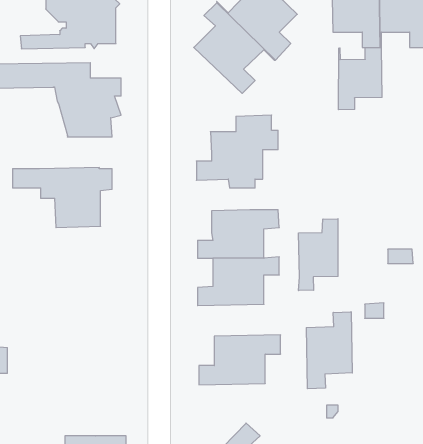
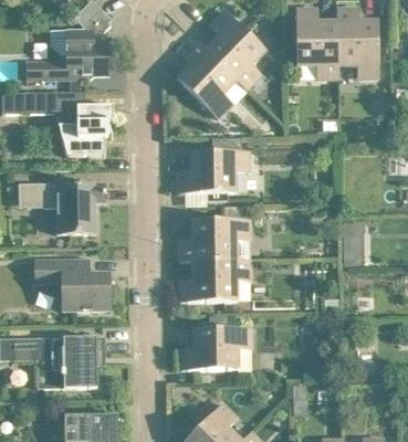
building: [339,47,382,110] -> none
building: [299,219,338,291] -> none
building: none -> [35,259,109,309]
building: [306,312,352,389] -> none
building: none -> [36,336,105,387]

